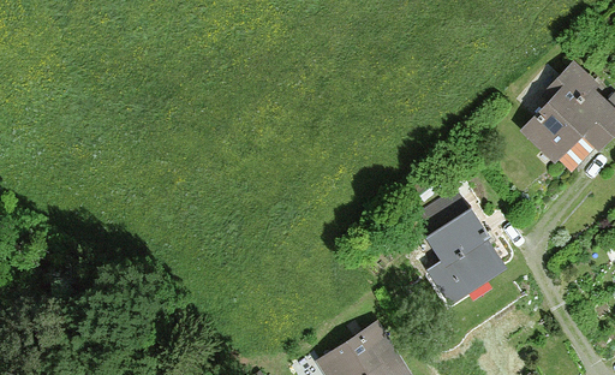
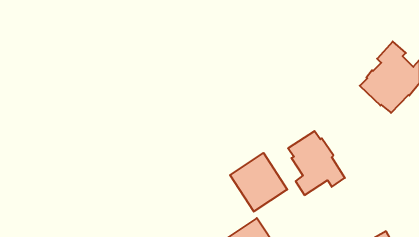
building: none -> [230,153,287,212]

